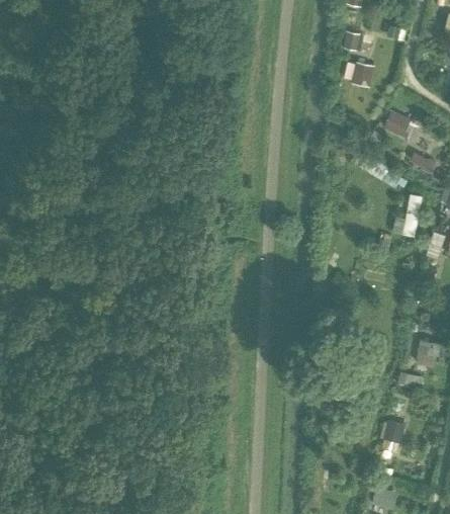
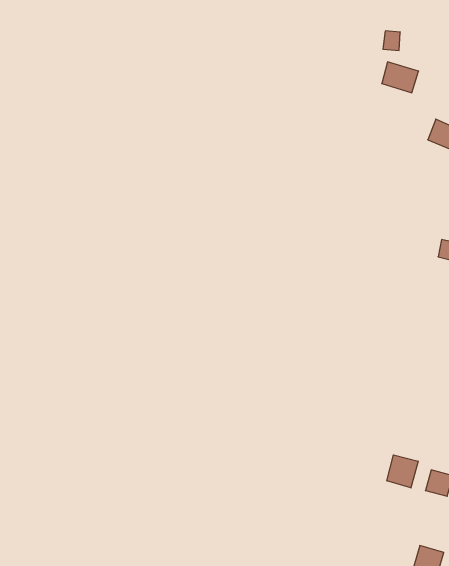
building: none -> [387,455,418,488]

